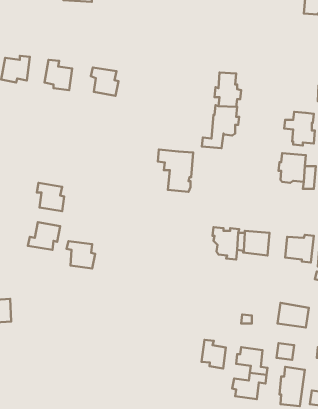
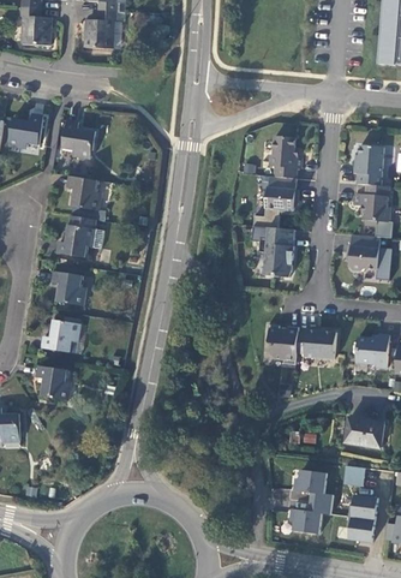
building: [91,67,118,96] -> [67,175,101,210]
building: none -> [354,144,384,185]
building: none -> [56,215,95,257]
building: [158,150,193,192] -> [252,226,295,278]
building: [67,241,95,269] -> [36,367,71,400]
building: [202,340,226,369] -> none

